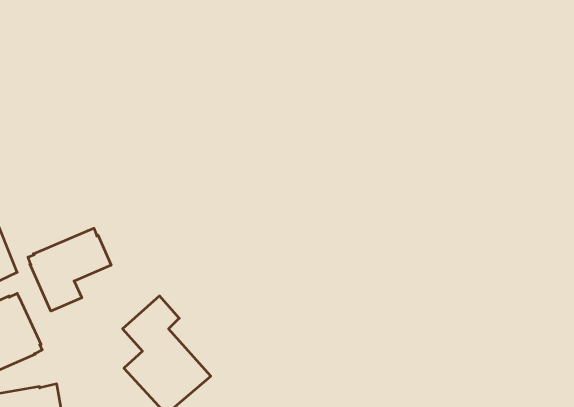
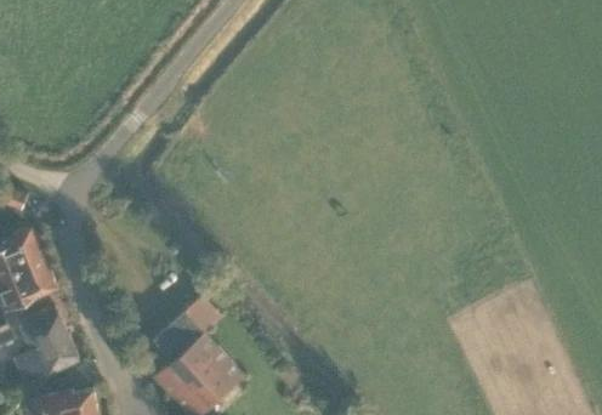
building: [28,228,111,311] -> none

